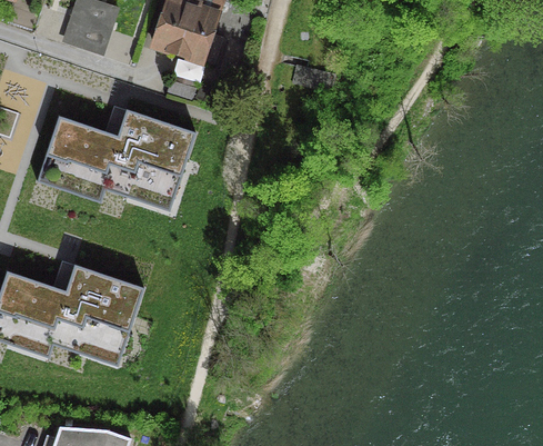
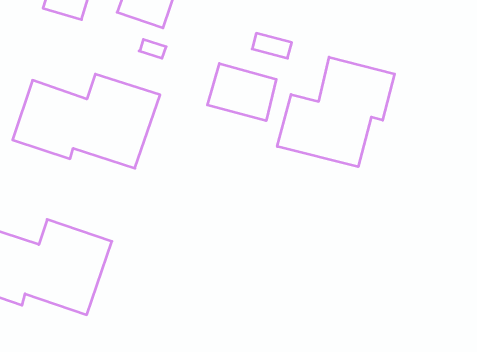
building: none -> [277,57,395,167]
building: none -> [207,63,276,121]

